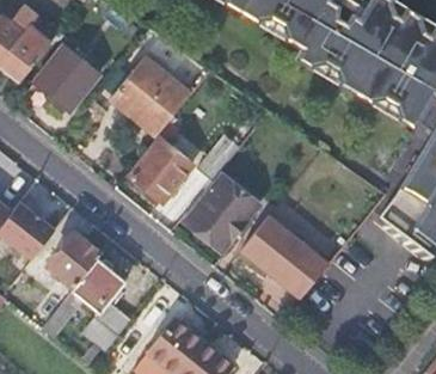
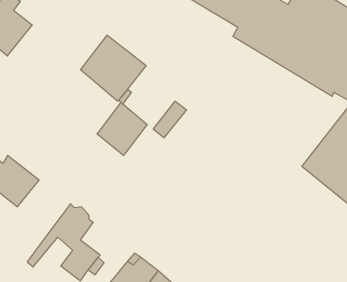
building: [30,44,96,108] -> none
building: [186,174,257,247] -> none
building: [241,214,333,304] -> none
building: [48,237,100,289] -> none

